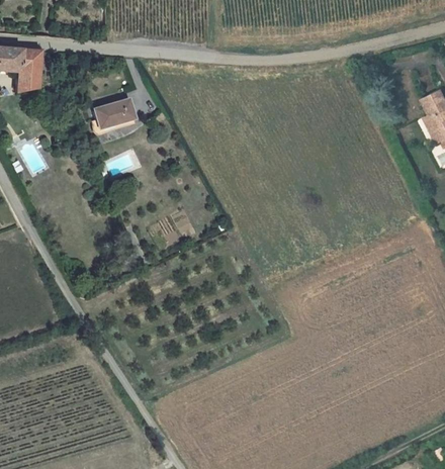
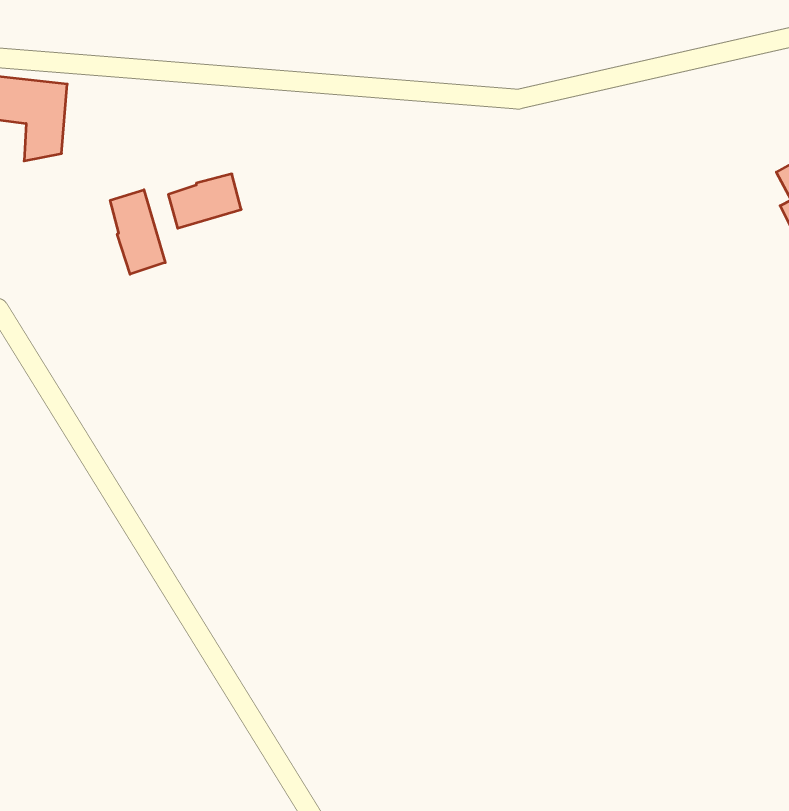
building: none -> [110,190,165,274]

